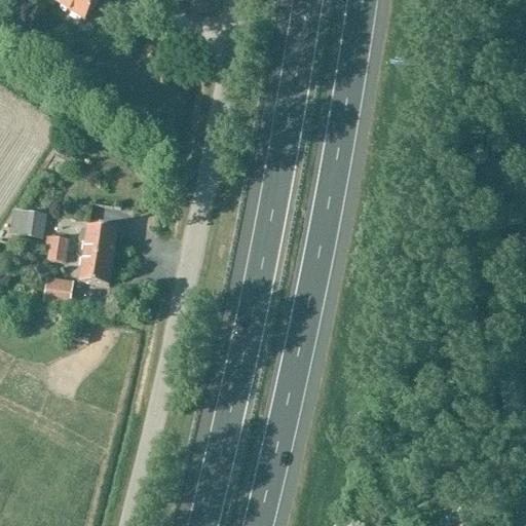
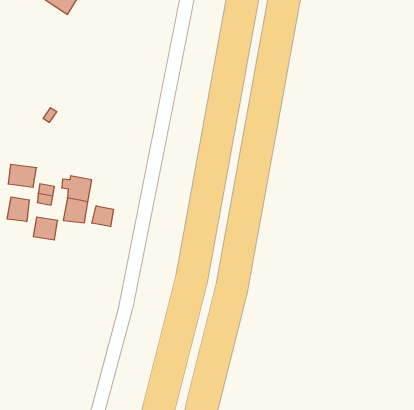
building: none -> [7,197,29,222]
building: none -> [92,206,113,227]

